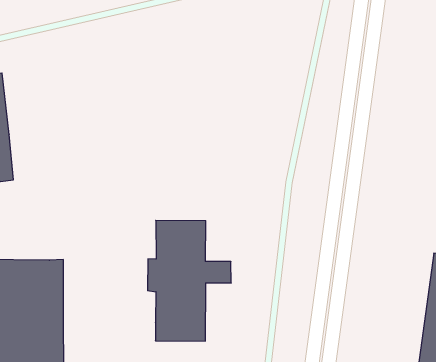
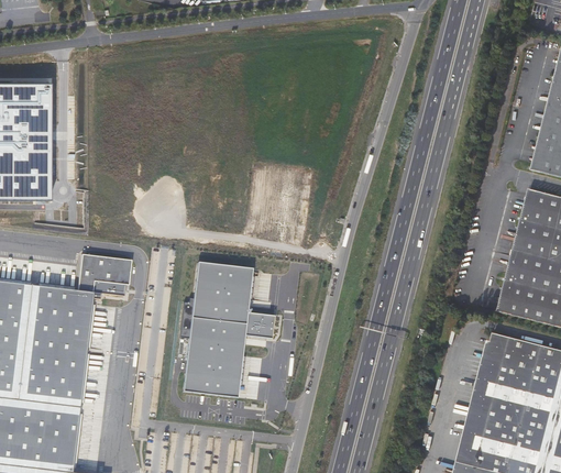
building: none -> [77,253,129,296]

